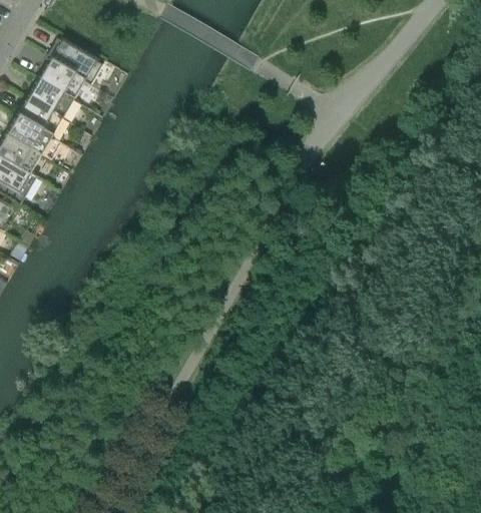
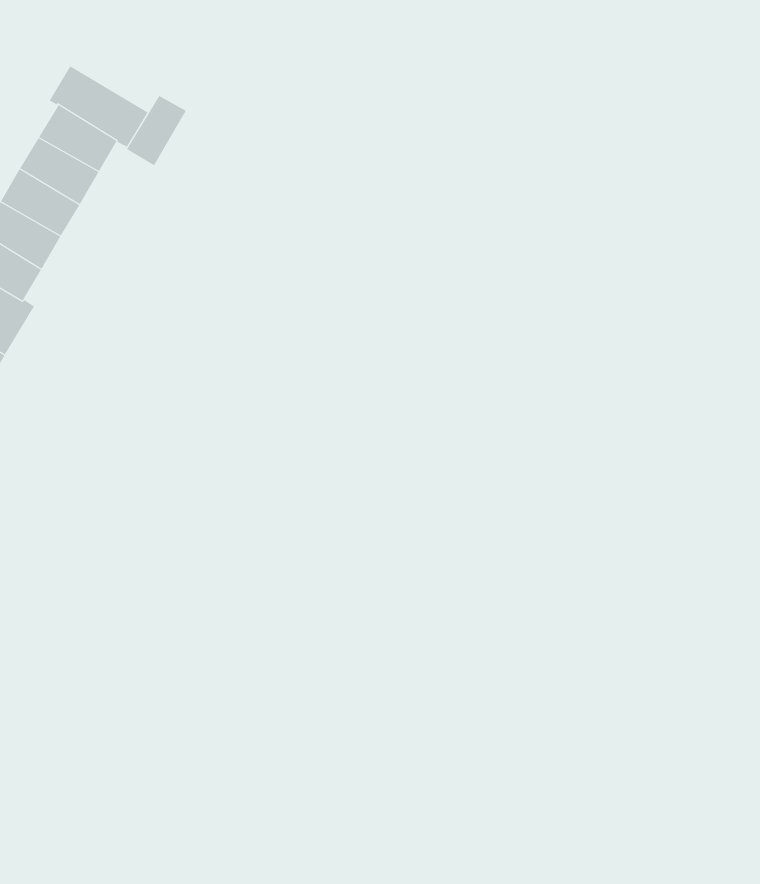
building: none -> [126,95,186,166]

